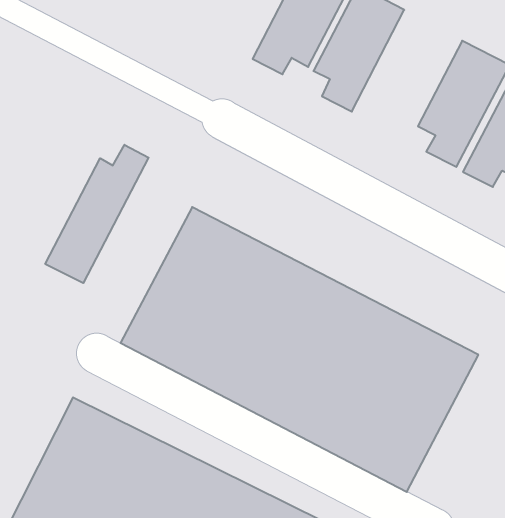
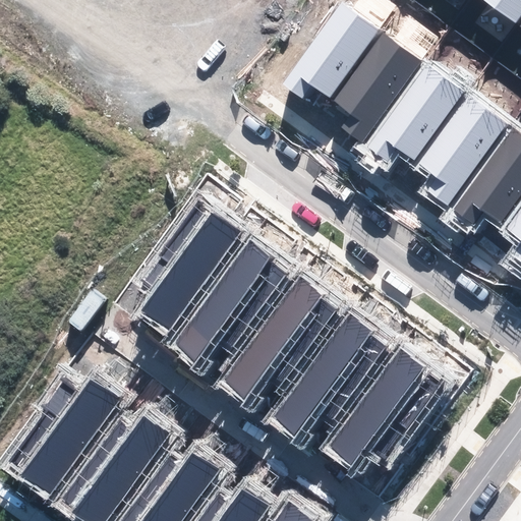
building: none -> [367,63,465,164]
building: [45,145,149,283] -> none

